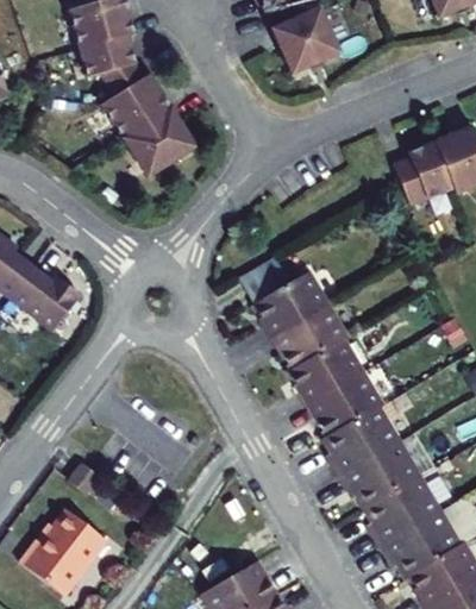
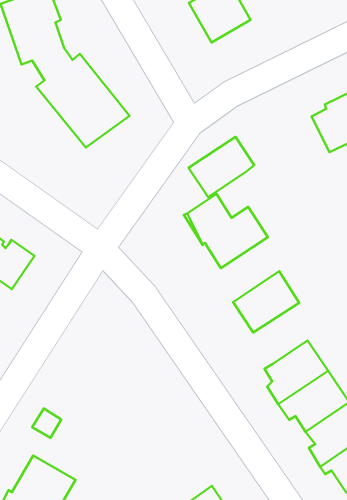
building: [283,291,355,354] -> [188,137,254,197]
building: [313,365,383,429] -> none

